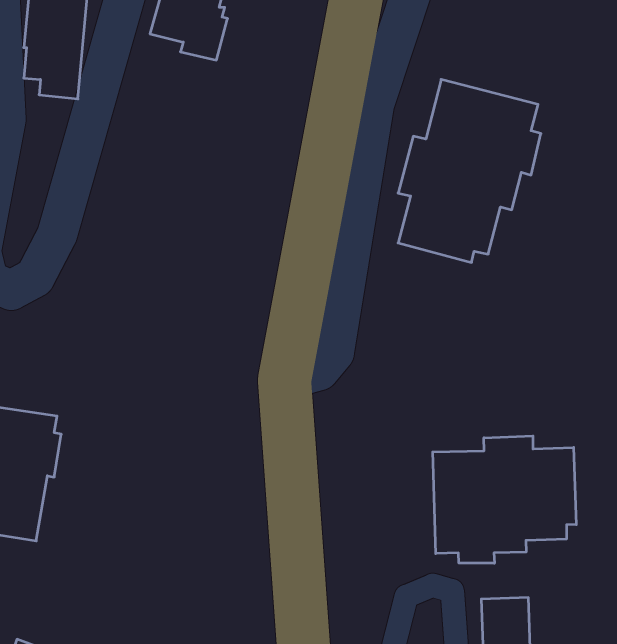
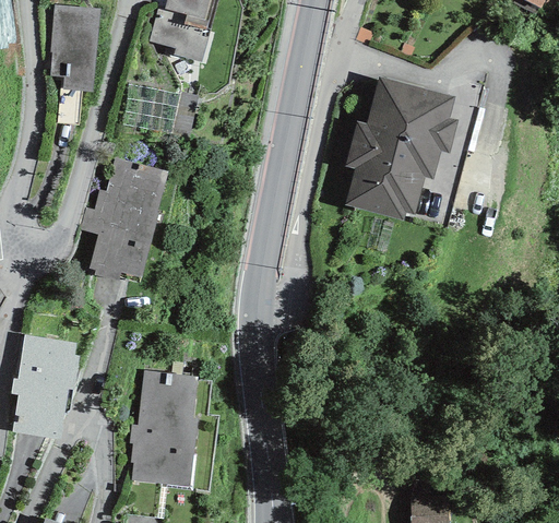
building: none -> [80,157,167,281]
building: [433,436,576,563] -> none
building: none -> [130,370,199,486]

